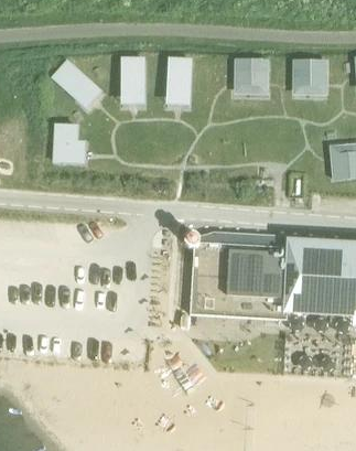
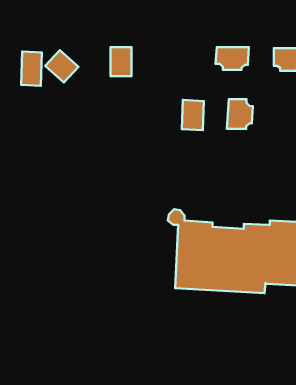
building: [168,60,191,92] -> [182,100,204,130]
building: none -> [227,99,253,129]
building: [54,126,76,162] -> [21,52,42,86]

